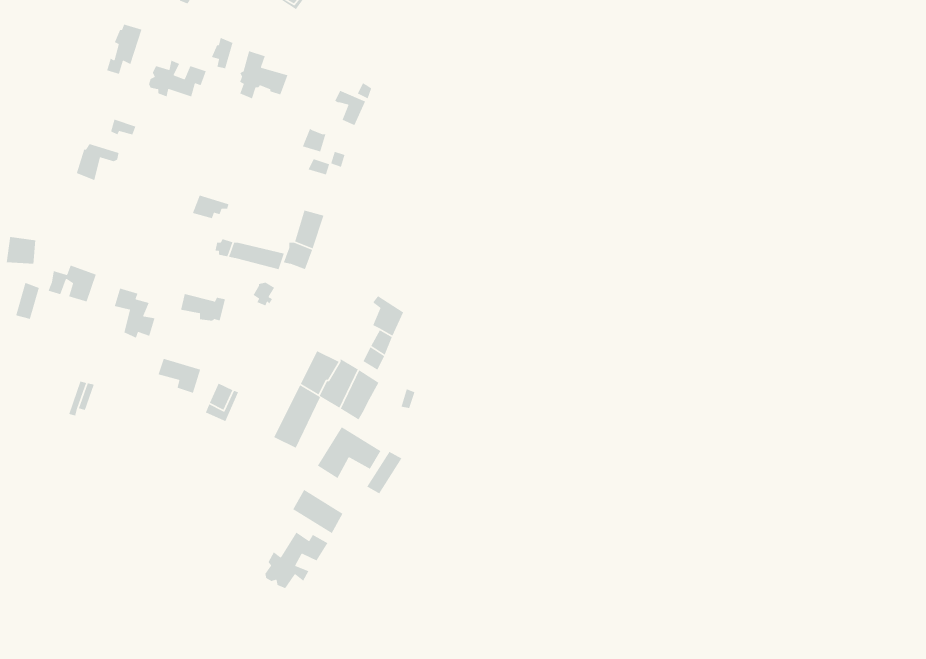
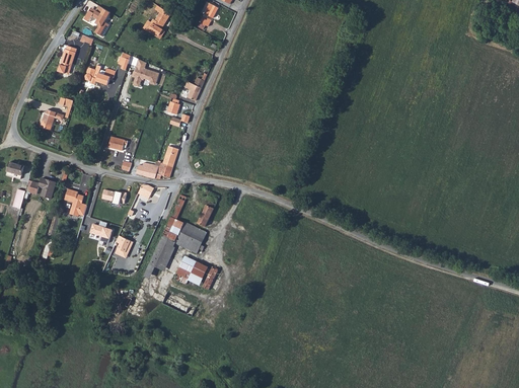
building: [265,531,328,589] -> none

